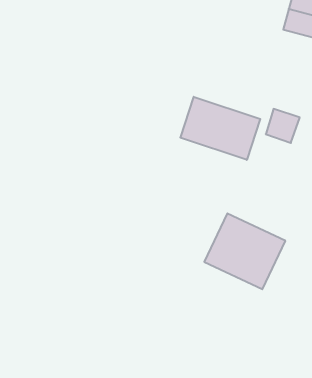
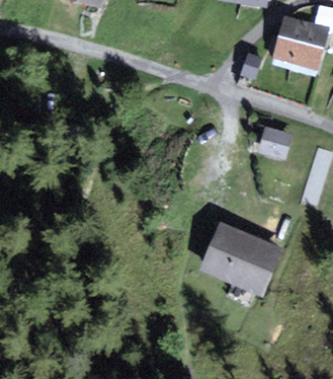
building: [180,97,260,160] -> none

